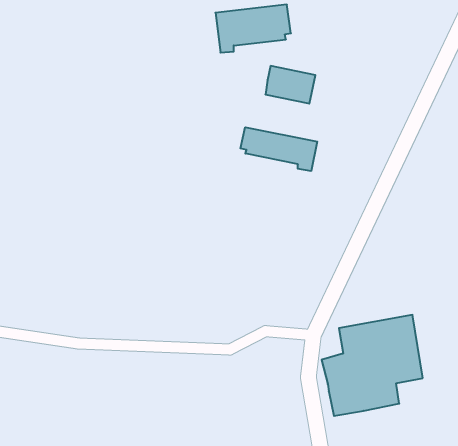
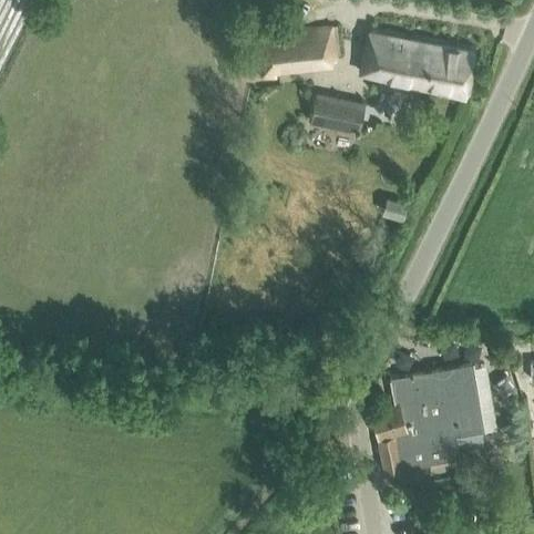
building: none -> [364,32,475,99]
building: [240,127,317,171] -> none

